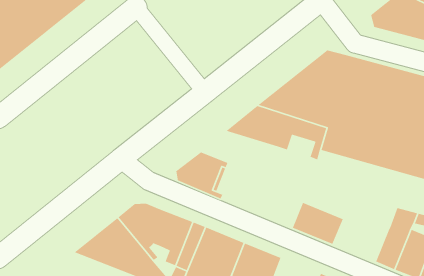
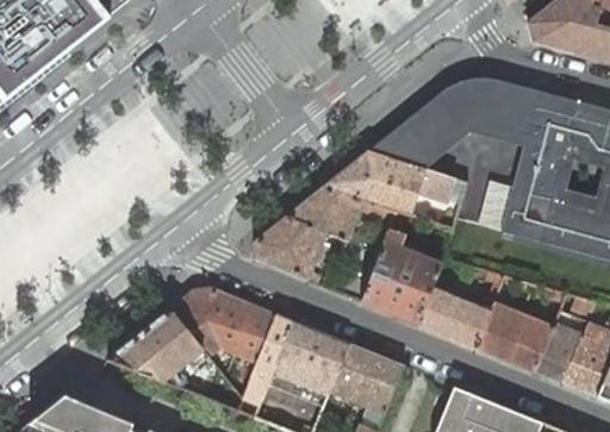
building: none -> [287,187,396,245]
building: none -> [360,240,440,324]
building: none -> [474,290,553,371]

